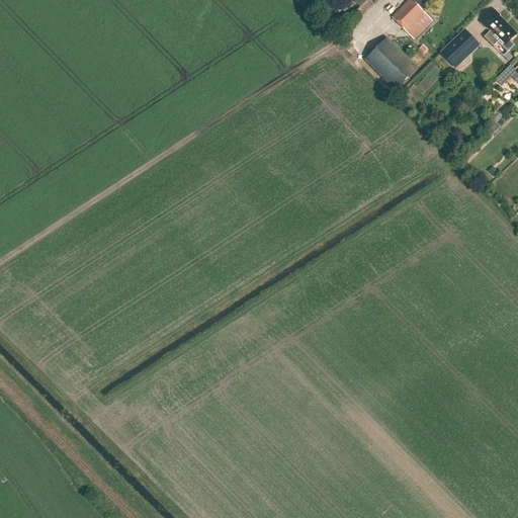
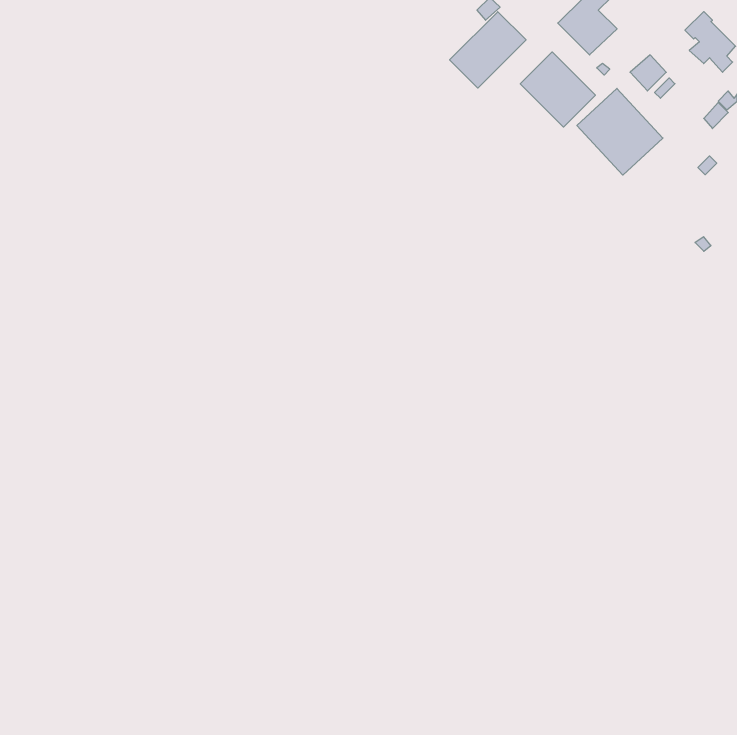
building: none -> [450,12,526,88]
building: none -> [577,88,663,175]

